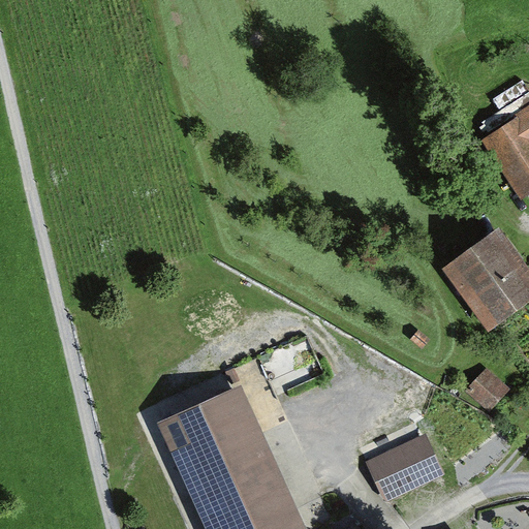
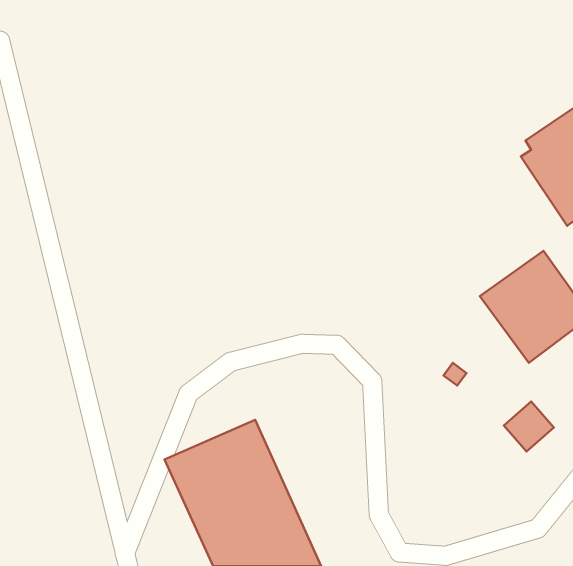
building: [367,434,446,504] -> none

